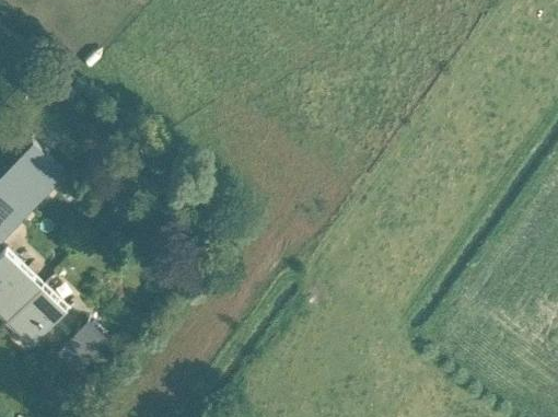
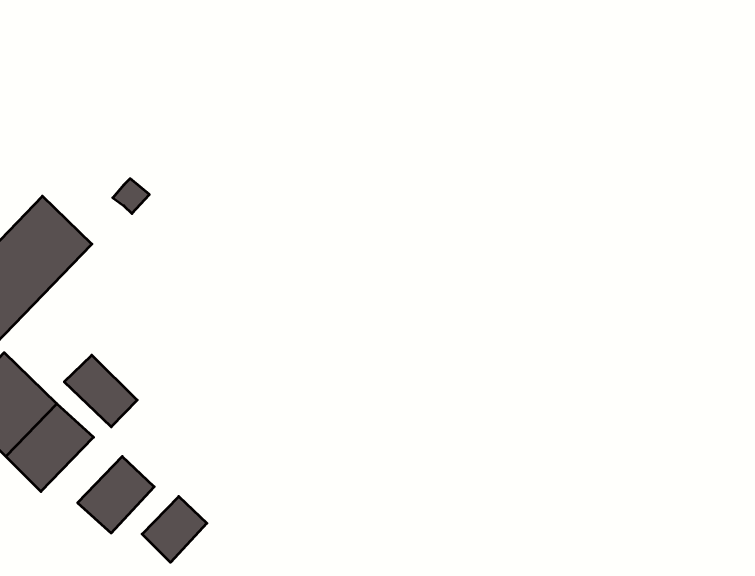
building: none -> [64,355,137,427]
building: none -> [142,496,207,562]

